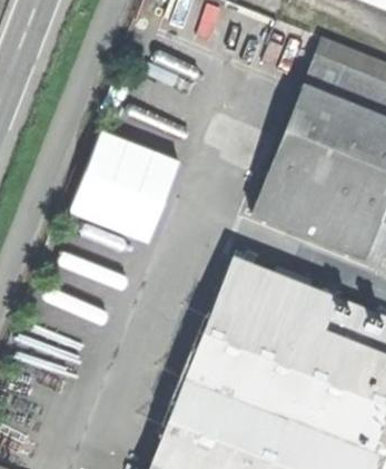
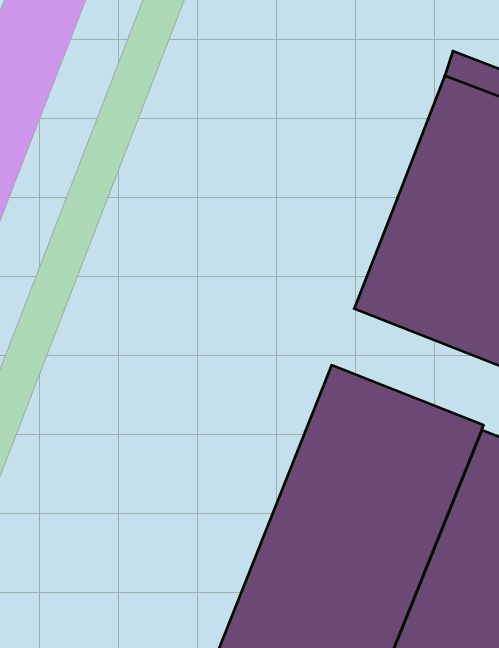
building: [73,129,185,241] -> none

